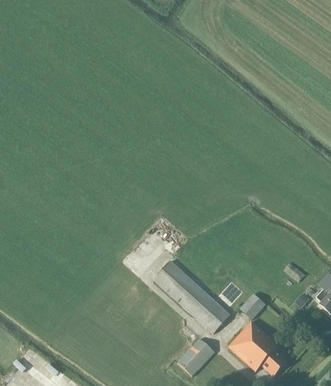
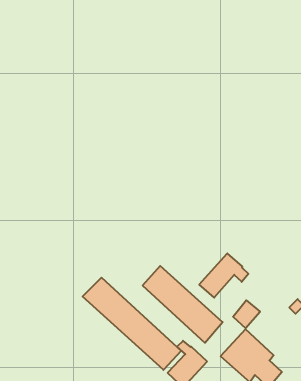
building: none -> [199,253,248,298]
building: none -> [83,278,181,370]

